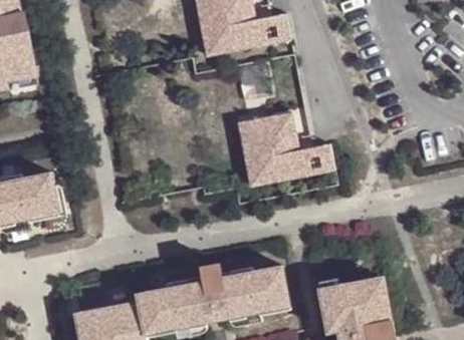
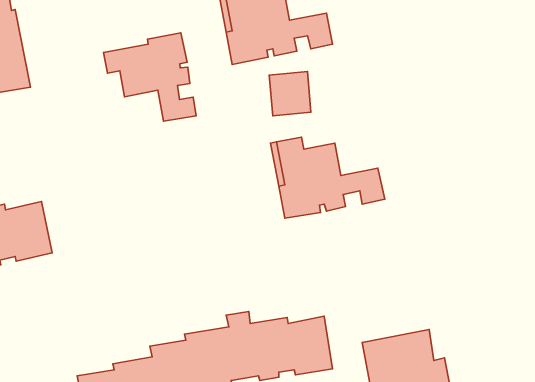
building: none -> [104,33,196,121]

